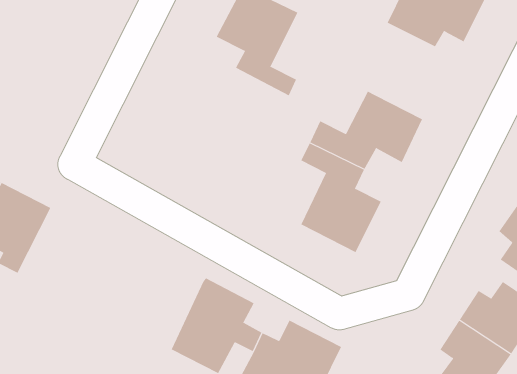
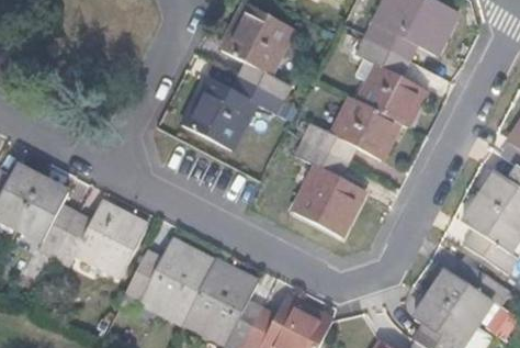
building: none -> [355,38,427,127]
building: none -> [186,79,285,149]
building: none -> [54,199,143,272]
building: none -> [124,239,212,322]

